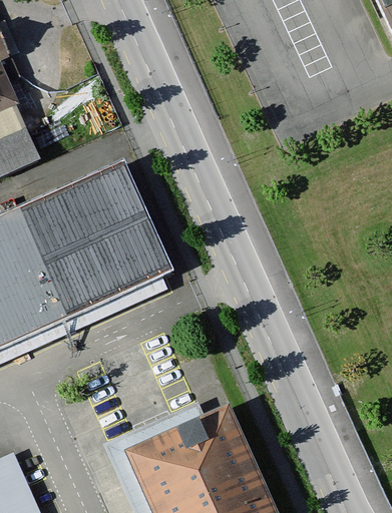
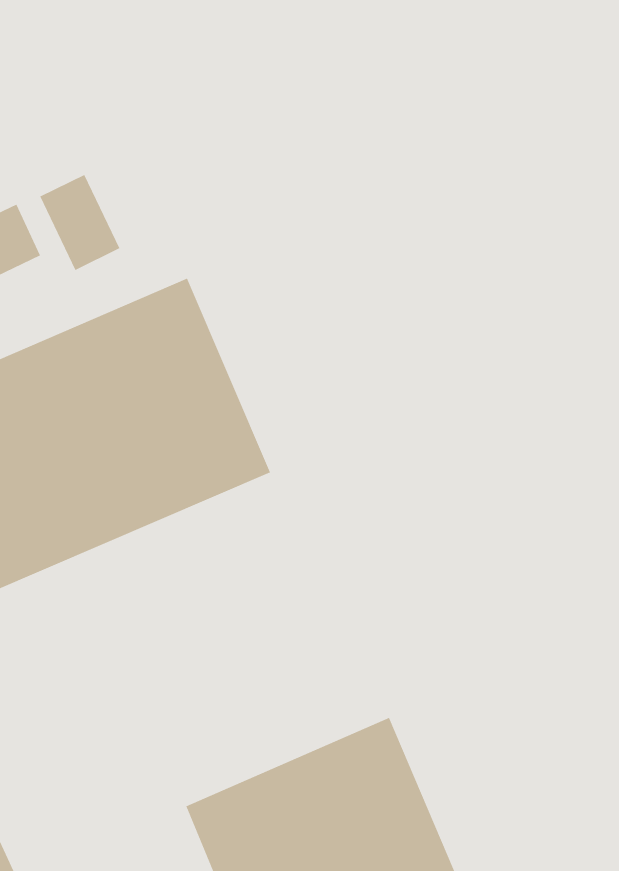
building: none -> [40,174,120,271]

